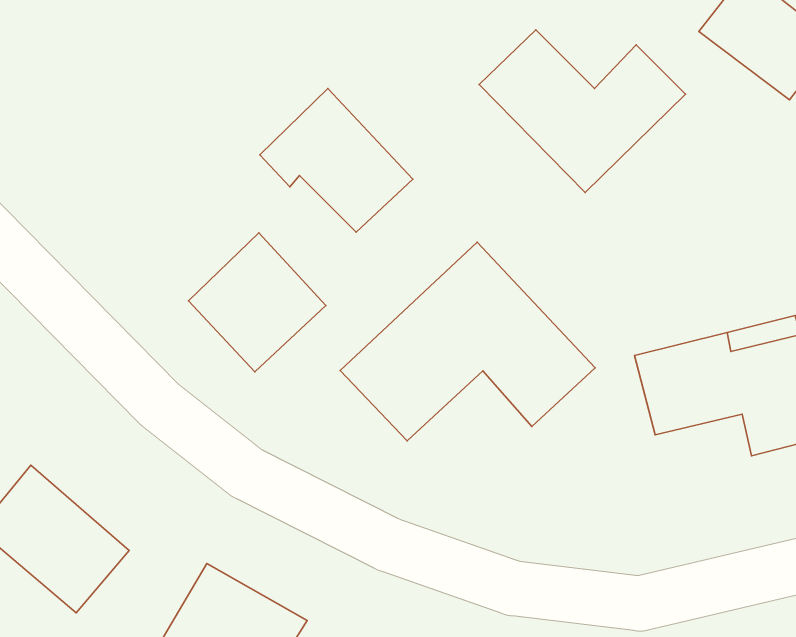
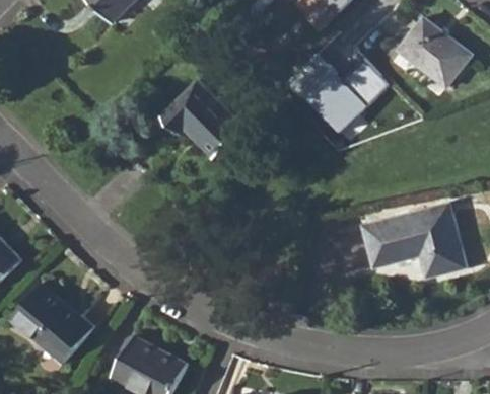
building: [188,233,326,372] -> none
building: [340,242,595,441] -> none

